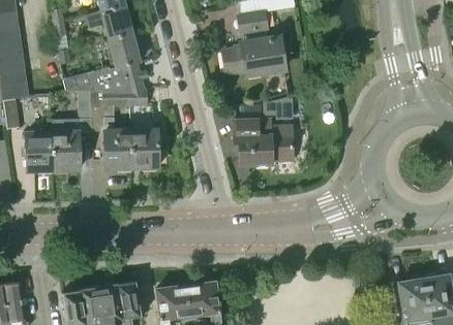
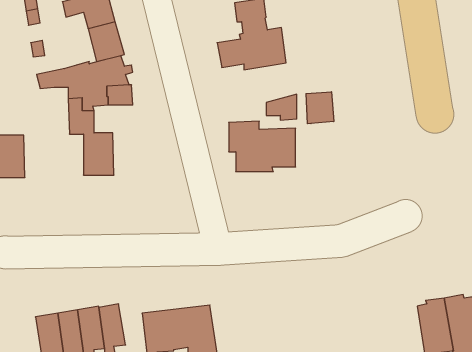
building: [52,90,92,169] -> none
building: none -> [306,92,334,124]
building: [130,129,158,167] -> none

